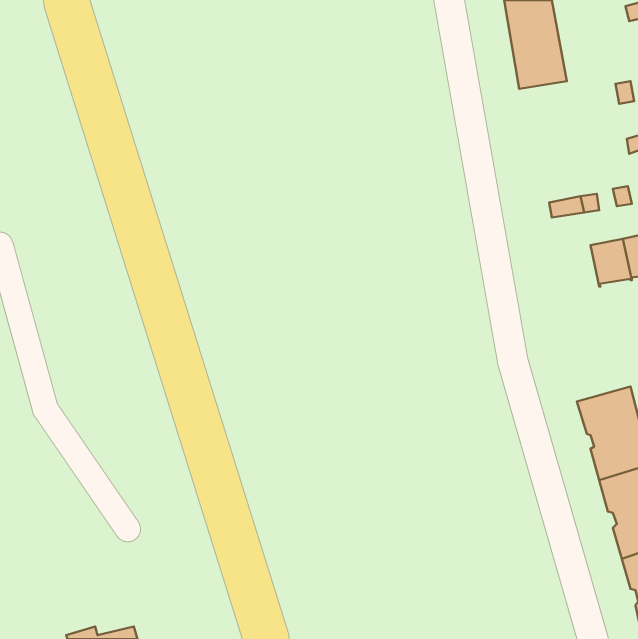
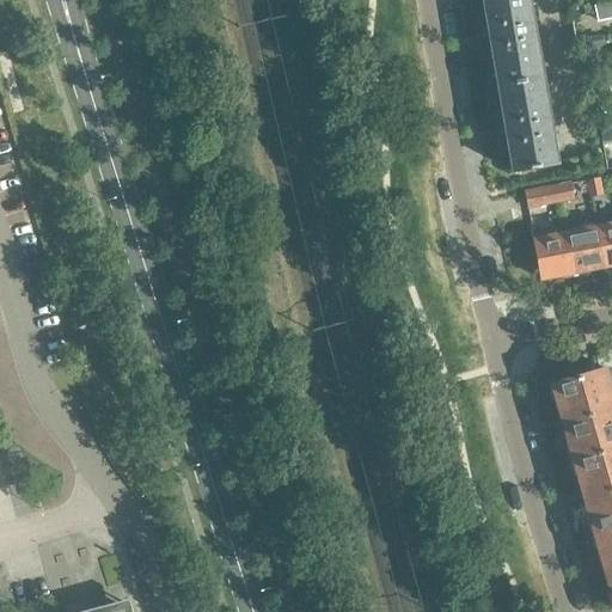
building: none -> [497,78,556,171]
building: none -> [536,234,574,280]

